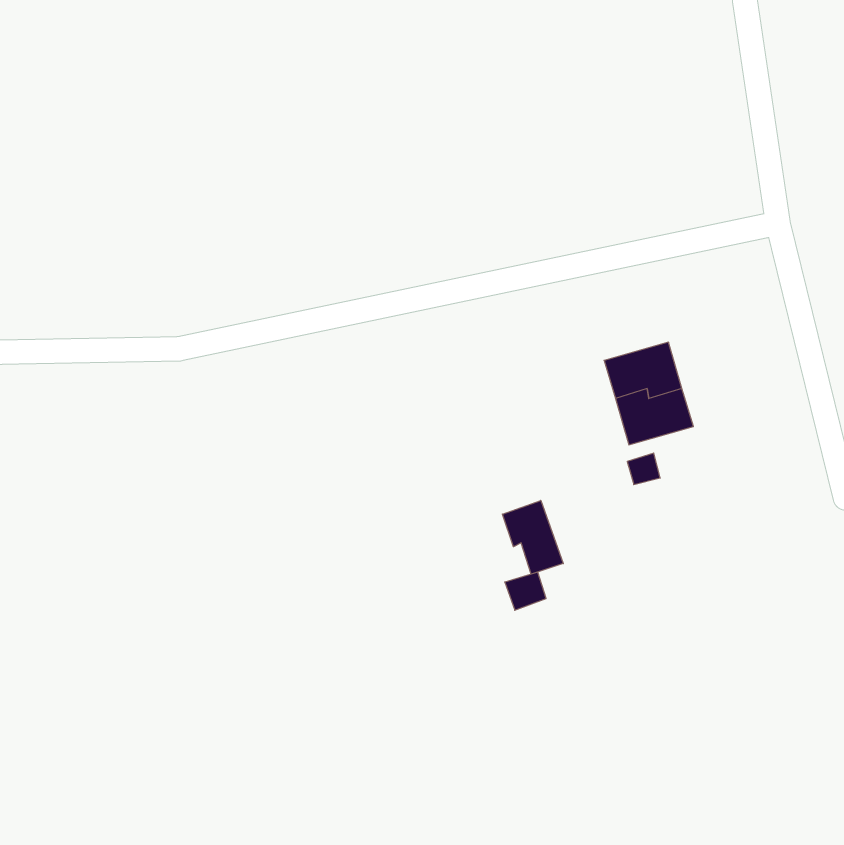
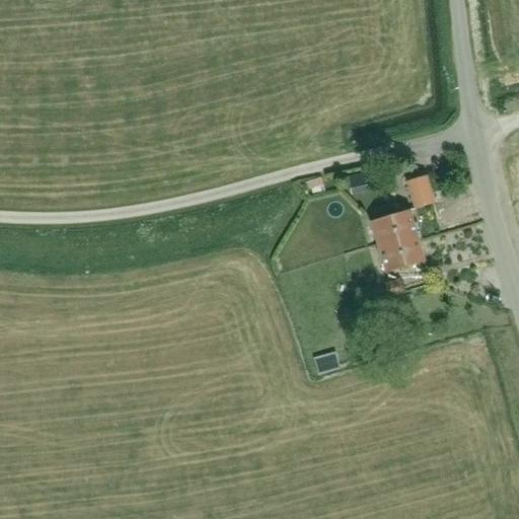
building: none -> [407,175,435,209]
building: [502,500,563,574] -> none

